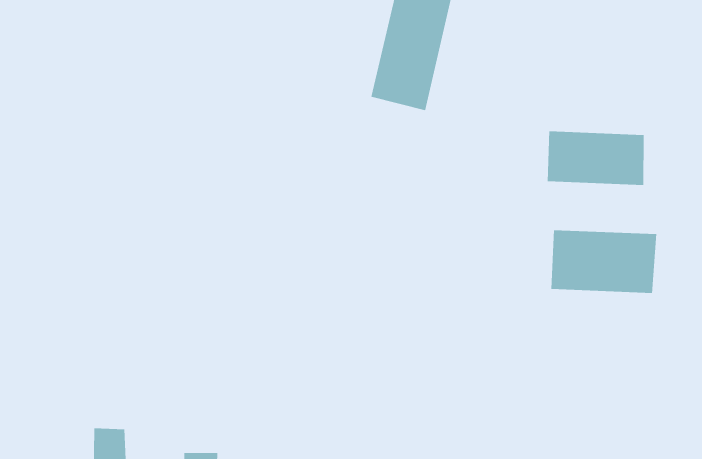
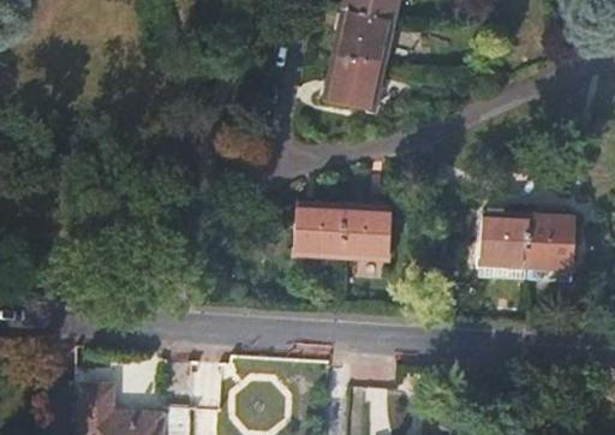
building: [547,131,644,186] -> none
building: none -> [294,203,393,260]

